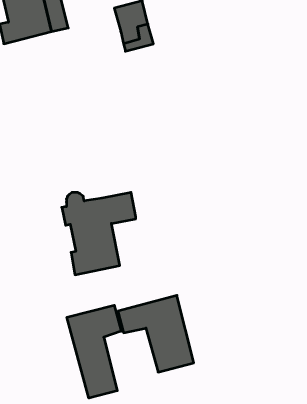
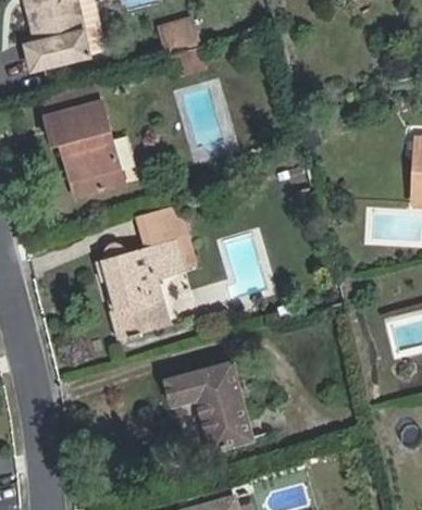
building: none -> [42,101,121,196]
building: none -> [137,208,194,270]
building: [67,305,121,398] -> none

